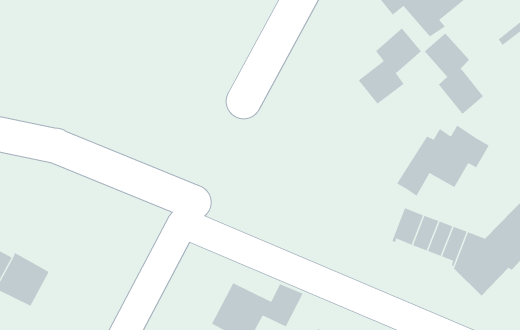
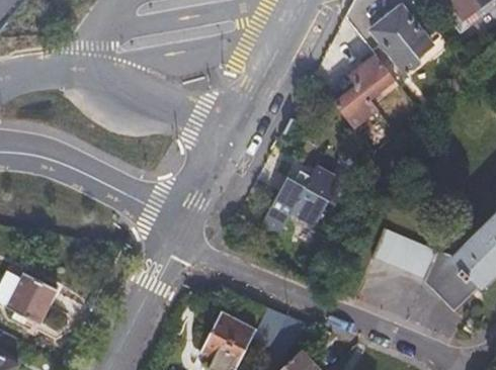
building: [424,33,484,115] -> none
building: [396,125,490,196] -> [260,171,347,238]

